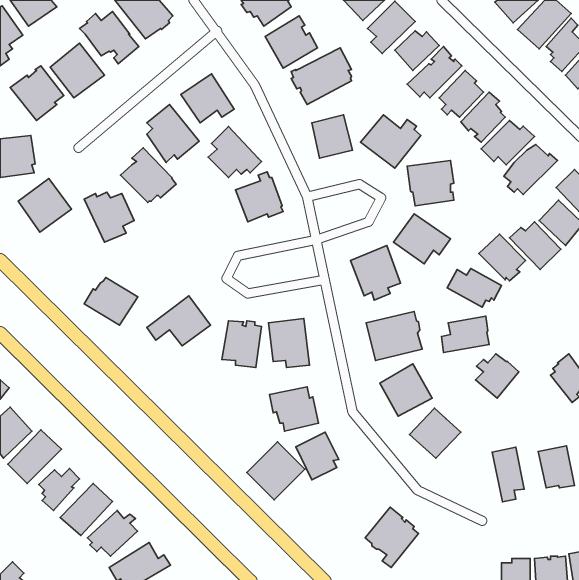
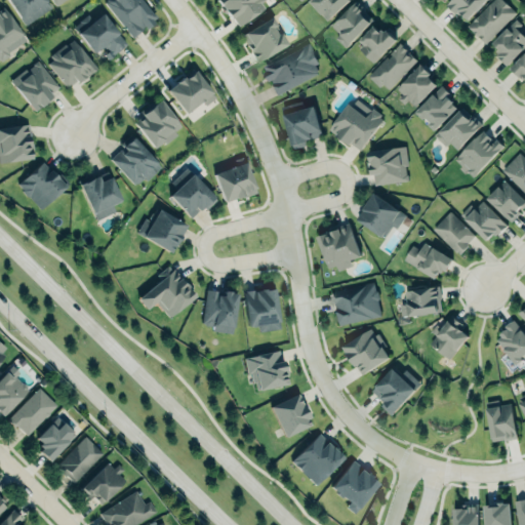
building: [208,126,262,178] -> [169,167,217,213]
building: [84,278,138,325] -> [138,209,187,252]
building: [247,442,305,500] -> [292,432,345,484]
building: [492,447,524,502] -> none

